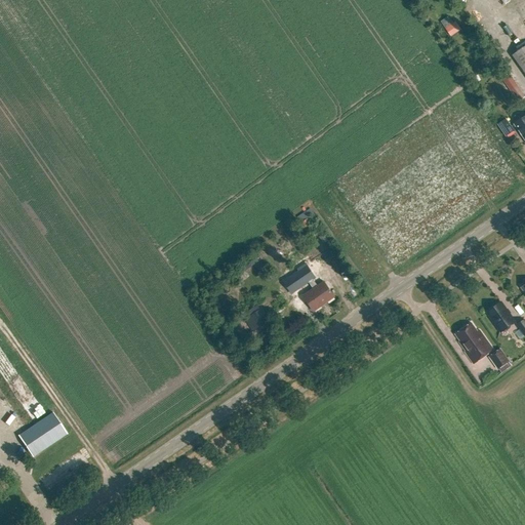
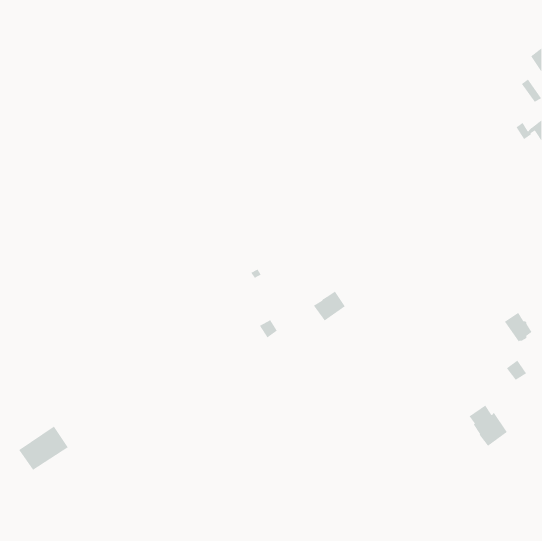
building: [283,265,318,293] -> none
building: [455,322,493,363] -> [469,404,508,447]

